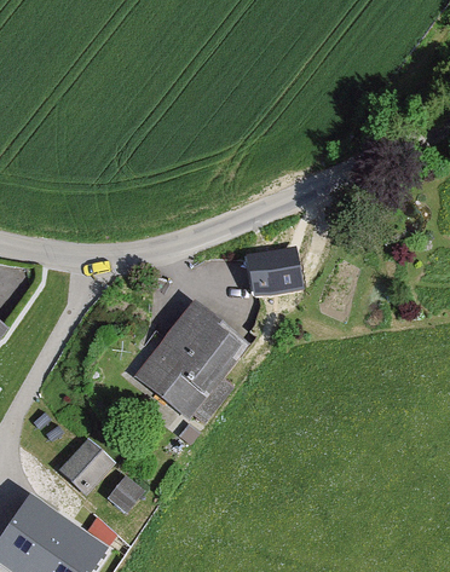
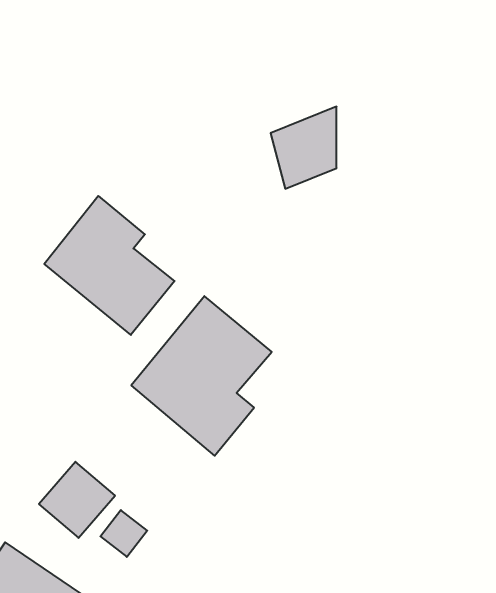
building: none -> [44,196,175,335]
building: [249,237,304,305] -> [271,107,337,189]

